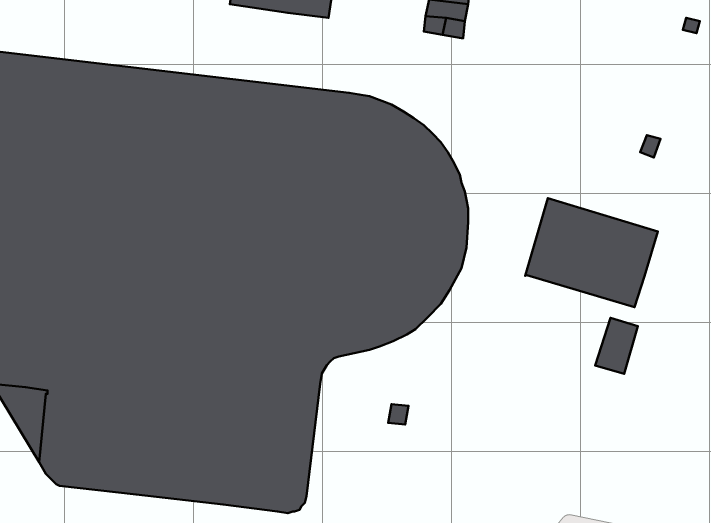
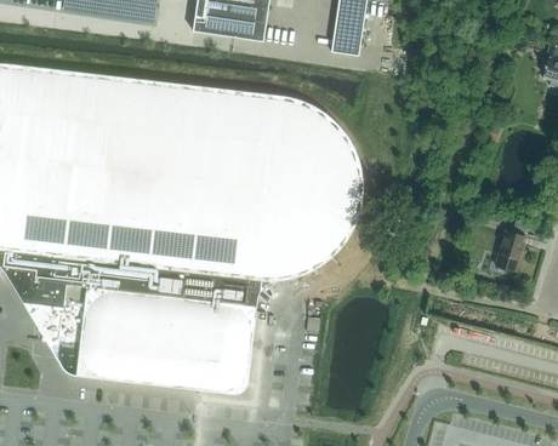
building: [525,198,658,307] -> none
building: [595,318,638,374] -> [494,230,524,270]

